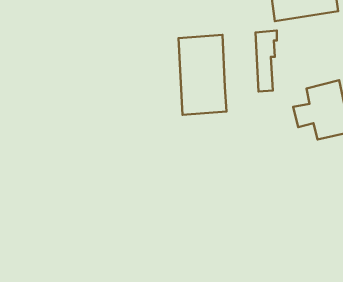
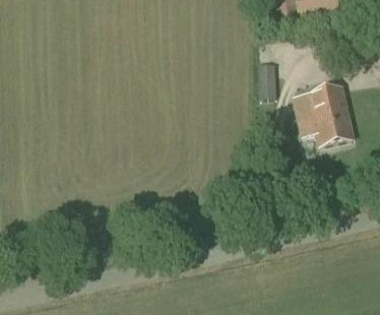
building: [178,35,226,115] -> none

